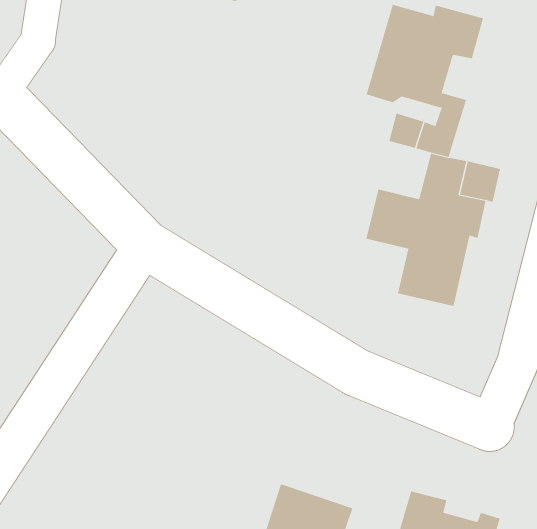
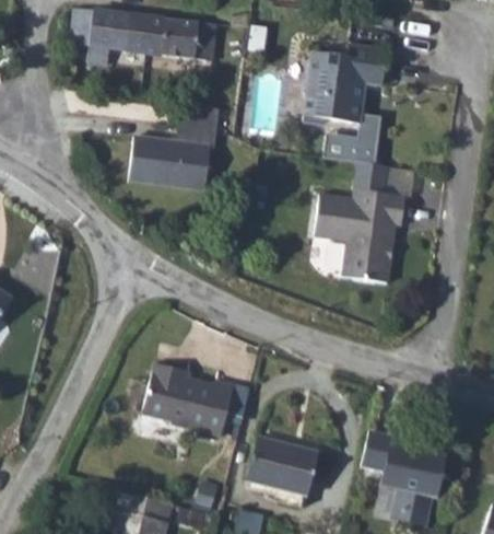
building: none -> [131,104,222,190]
building: none -> [150,372,255,442]

